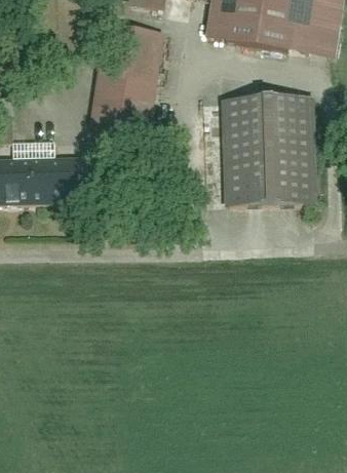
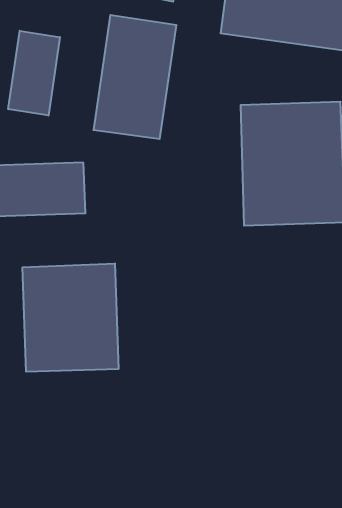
building: none -> [8,31,60,116]
building: none -> [23,263,118,372]

